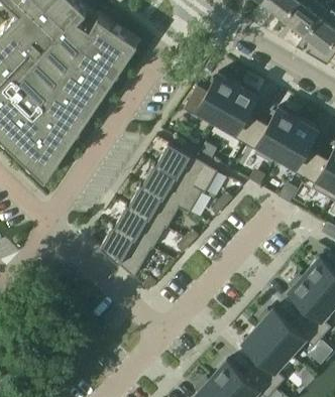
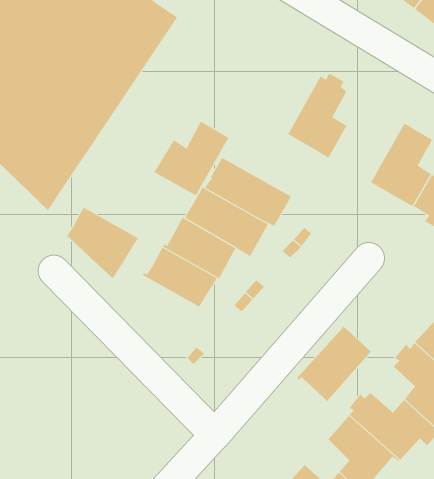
building: [185,74,238,127] -> [154,121,229,196]
building: [244,108,298,161] -> none
building: [100,227,151,278] -> [66,207,139,279]
building: none -> [297,325,371,402]

